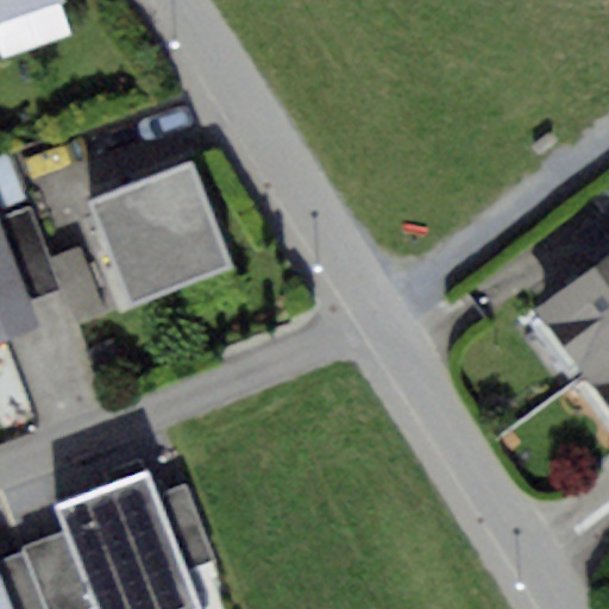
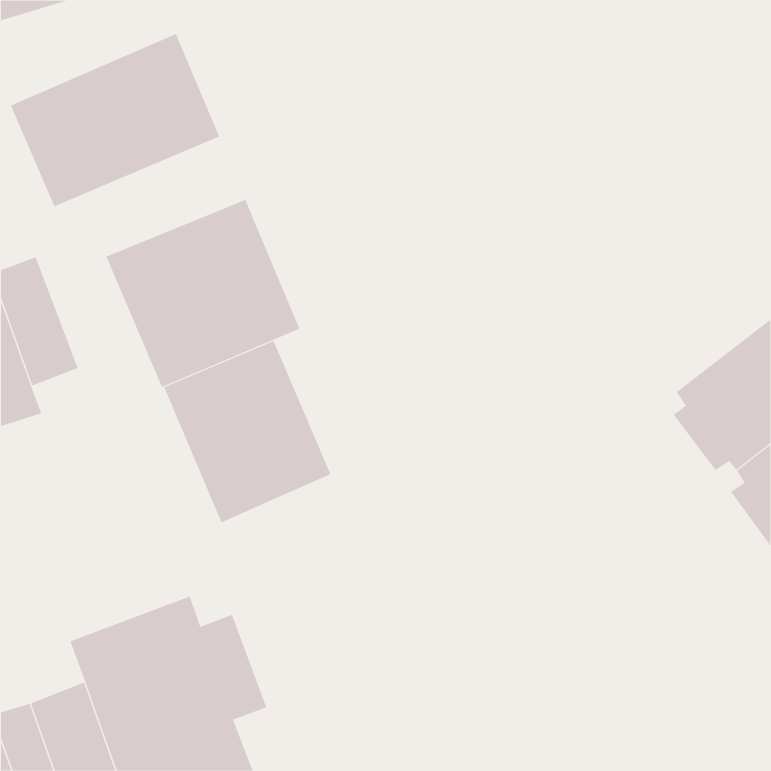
building: none -> [10,33,220,207]
building: none -> [164,340,331,523]

